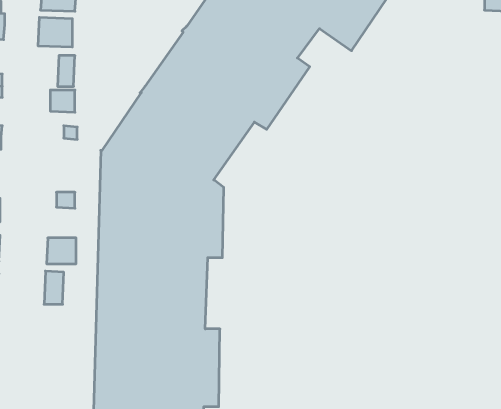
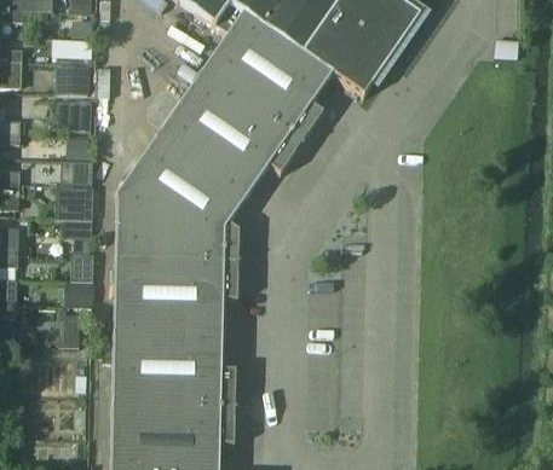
building: none -> [56,185,93,216]

